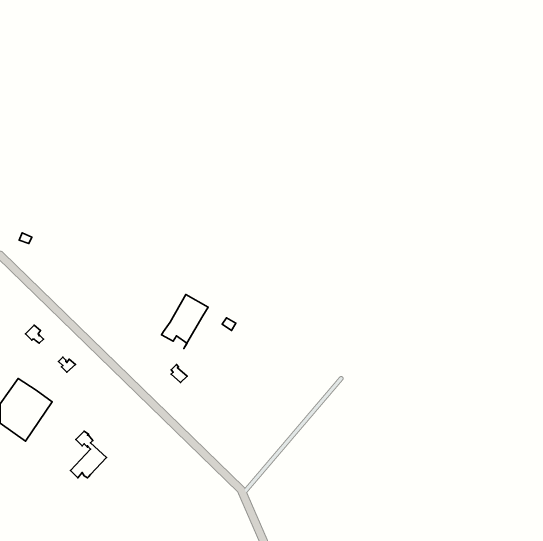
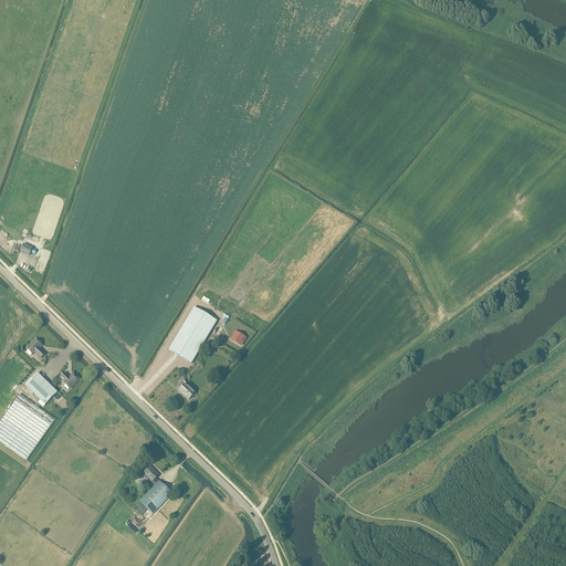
building: none -> [25,371,61,403]
building: [70,431,107,478] -> [135,464,172,513]

